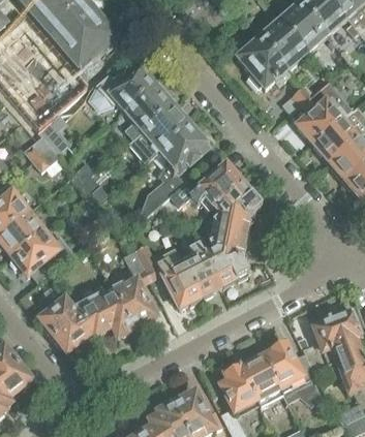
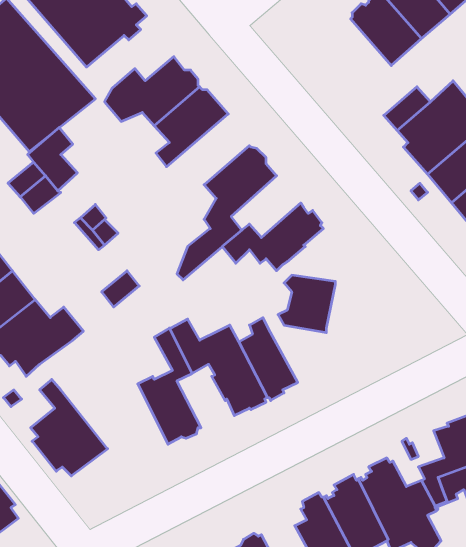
building: [236,36,291,88] -> none
building: [129,102,189,161] -> none
building: [212,181,263,218] -> none
building: [204,247,249,288] -> none
building: [60,285,133,337] -> none

